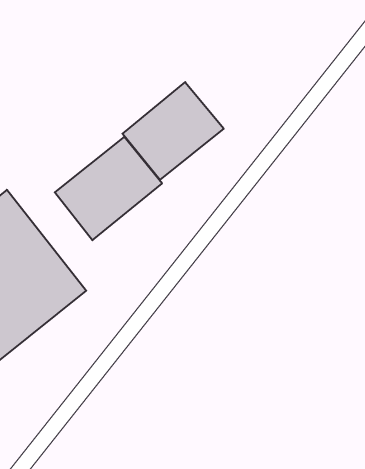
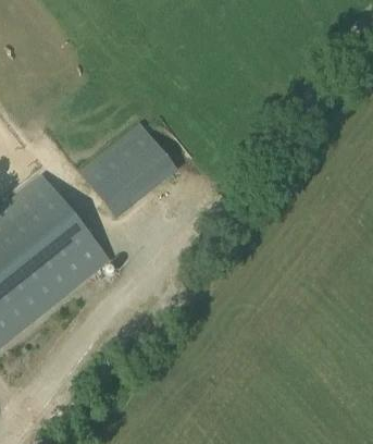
building: [122,82,224,180] -> none

